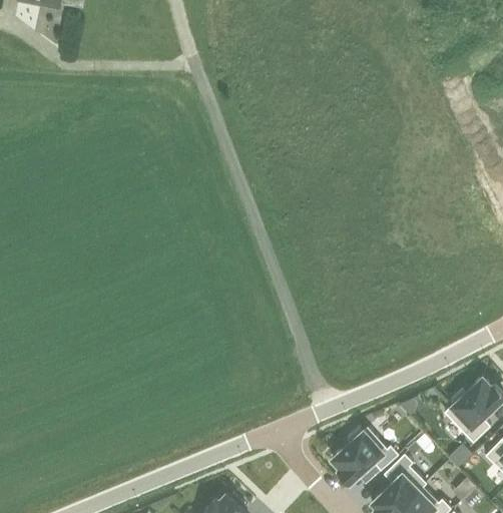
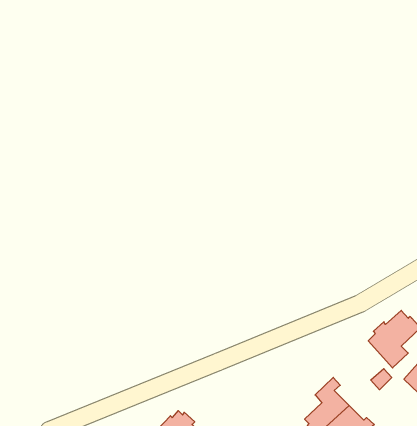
building: [332,428,399,483] -> none

